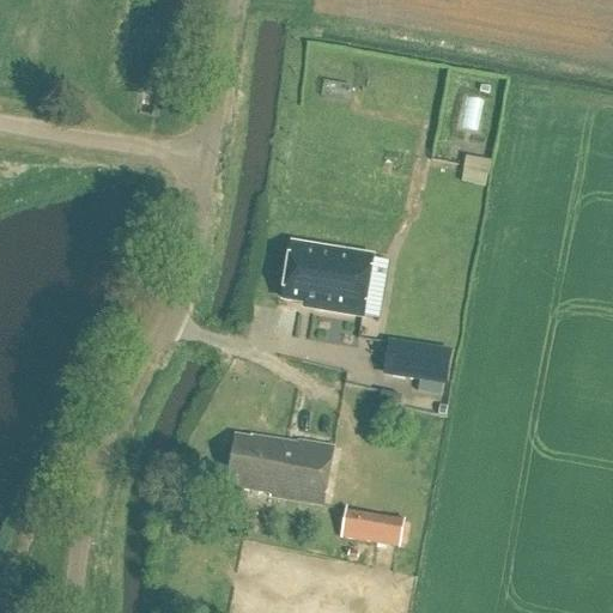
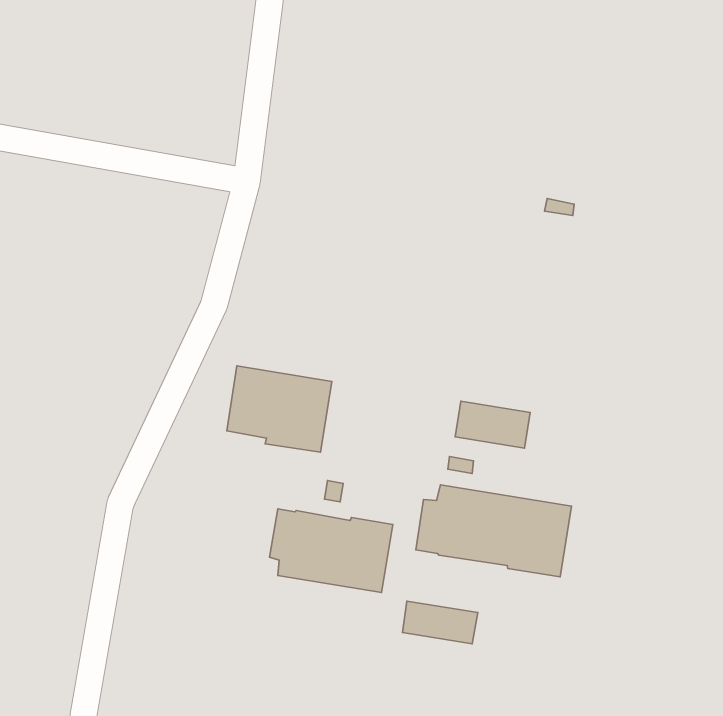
building: [283,241,371,314] -> [227,366,332,452]
building: none -> [416,485,572,577]

